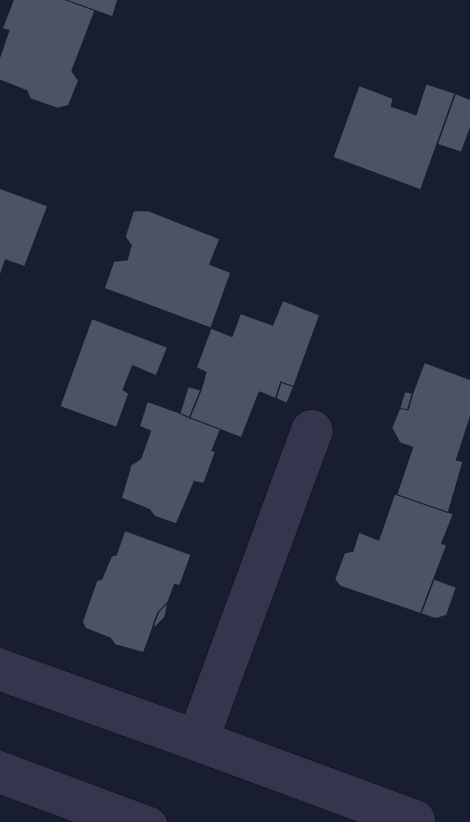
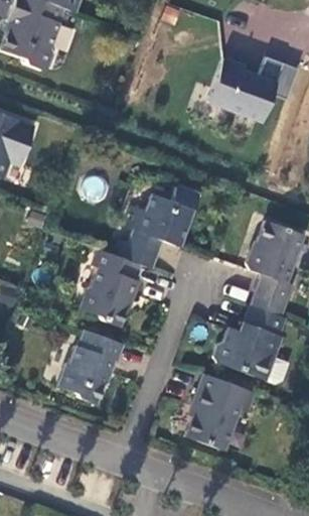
building: [104,211,231,328] -> none
building: [60,319,168,427] -> none
building: none -> [179,373,254,450]

